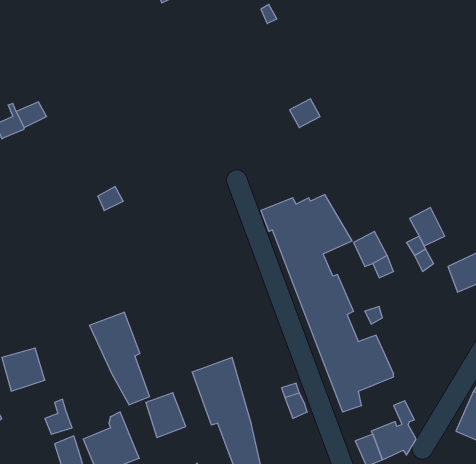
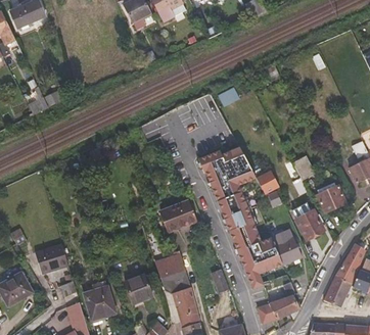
building: none -> [159,201,197,233]
building: none -> [291,204,325,239]
building: [90,312,149,405] -> none
building: none -> [271,229,300,264]

